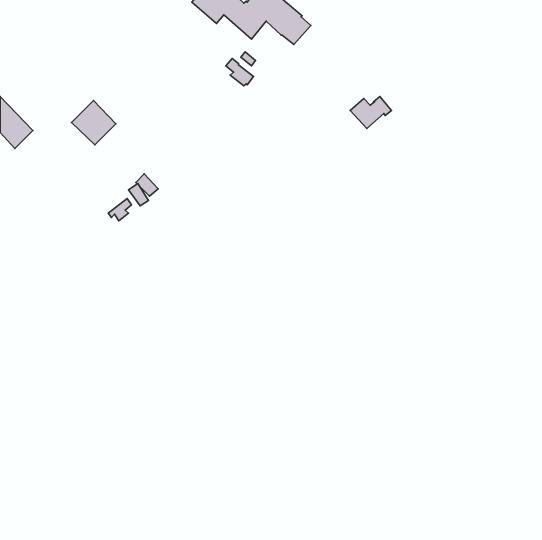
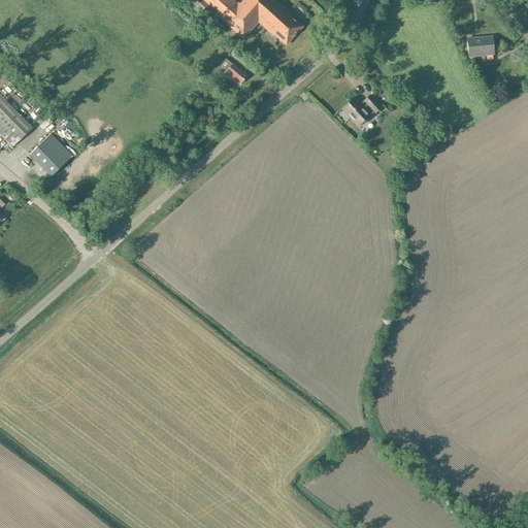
building: none -> [466,35,493,56]
building: [71,100,116,145] -> [29,132,72,175]

